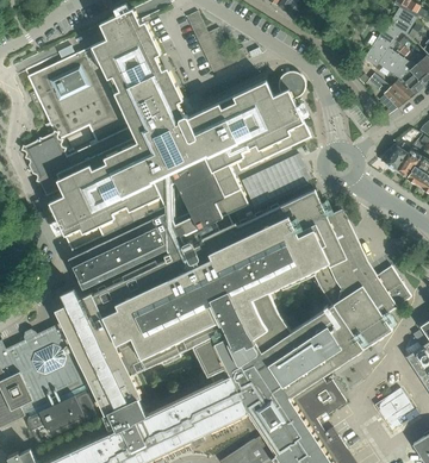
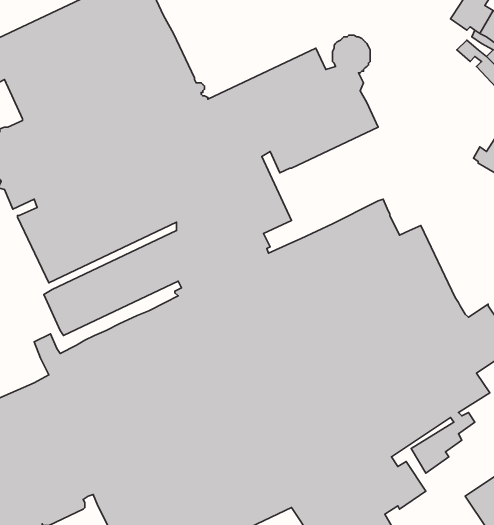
building: [241,154,310,206] -> none

